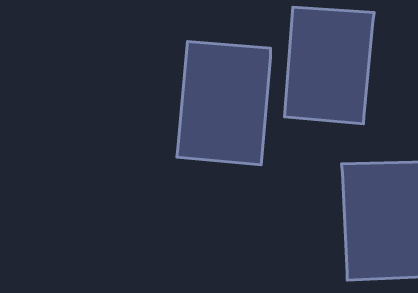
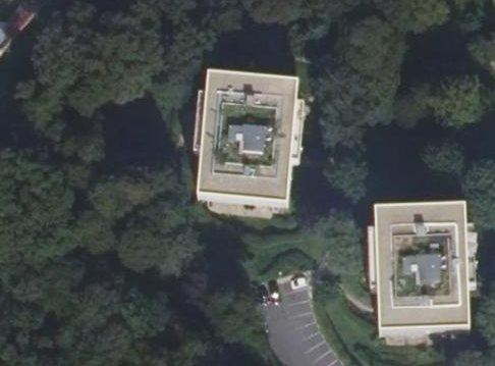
building: [284,7,374,124] -> none

